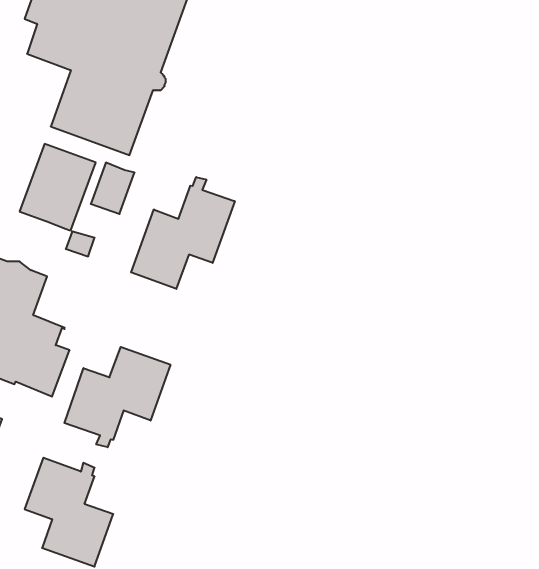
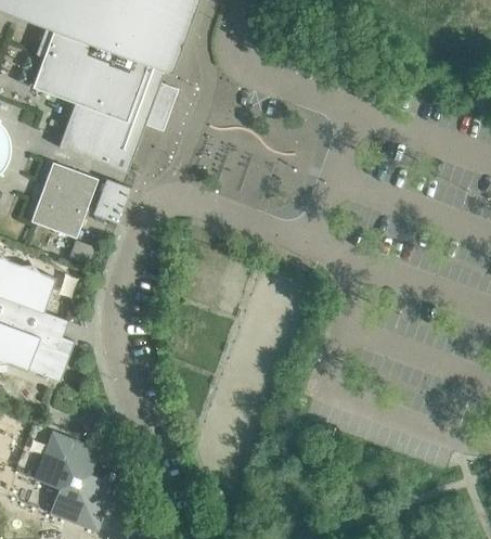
building: [131,177,235,289] -> none
building: [64,347,170,447] -> none

